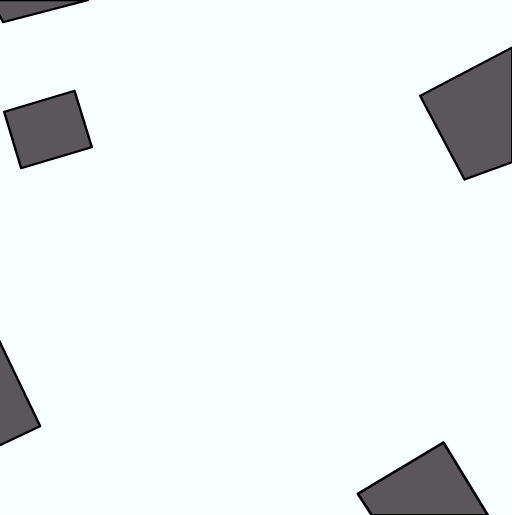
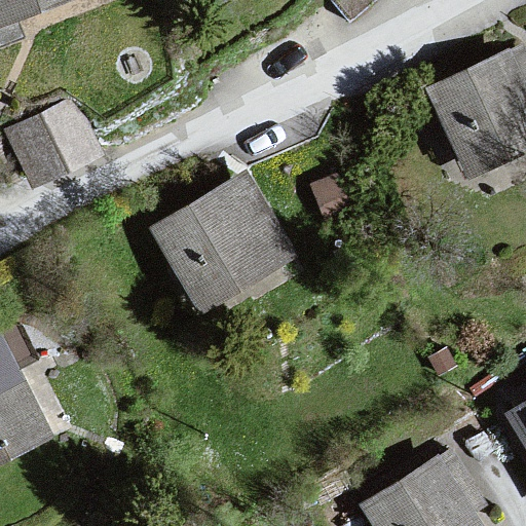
building: none -> [155,177,299,305]

